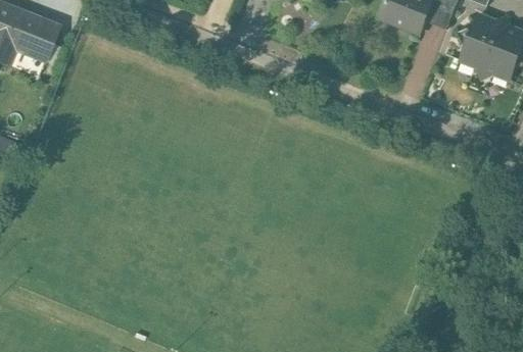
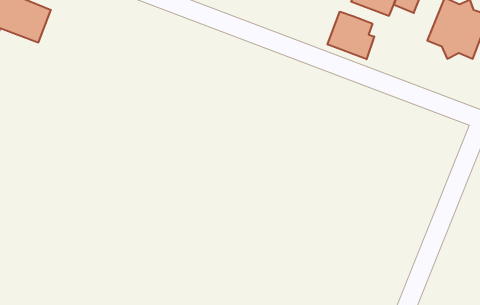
building: none -> [328,12,374,59]

